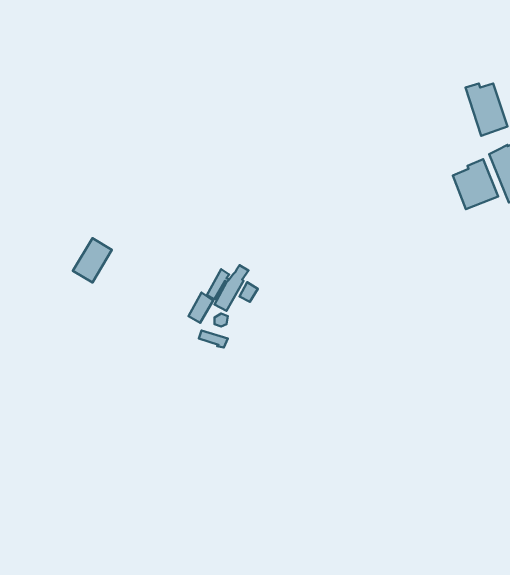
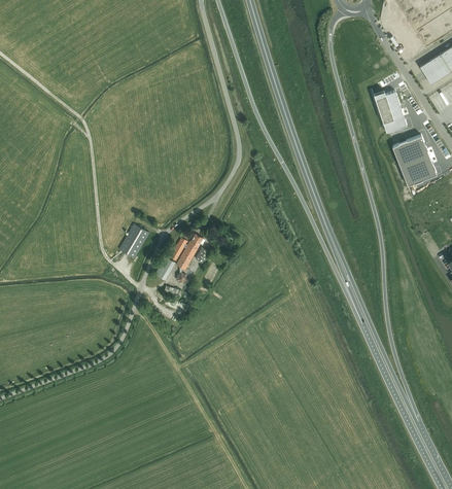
building: [453,159,498,209] -> none
building: [73,238,112,283] -> [118,224,149,259]

